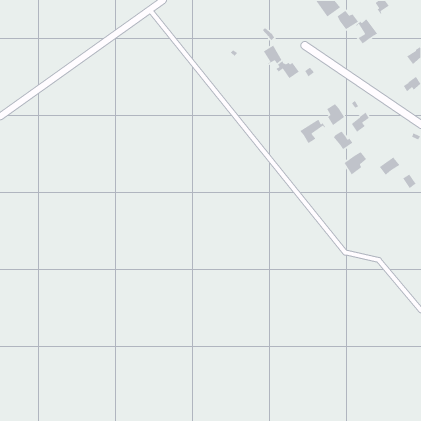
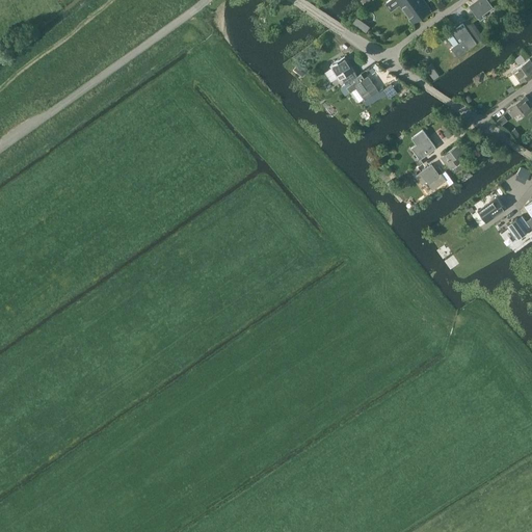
building: [337,10,359,30] -> none
building: [299,119,326,144] -> none
building: [344,151,367,176] -> none

